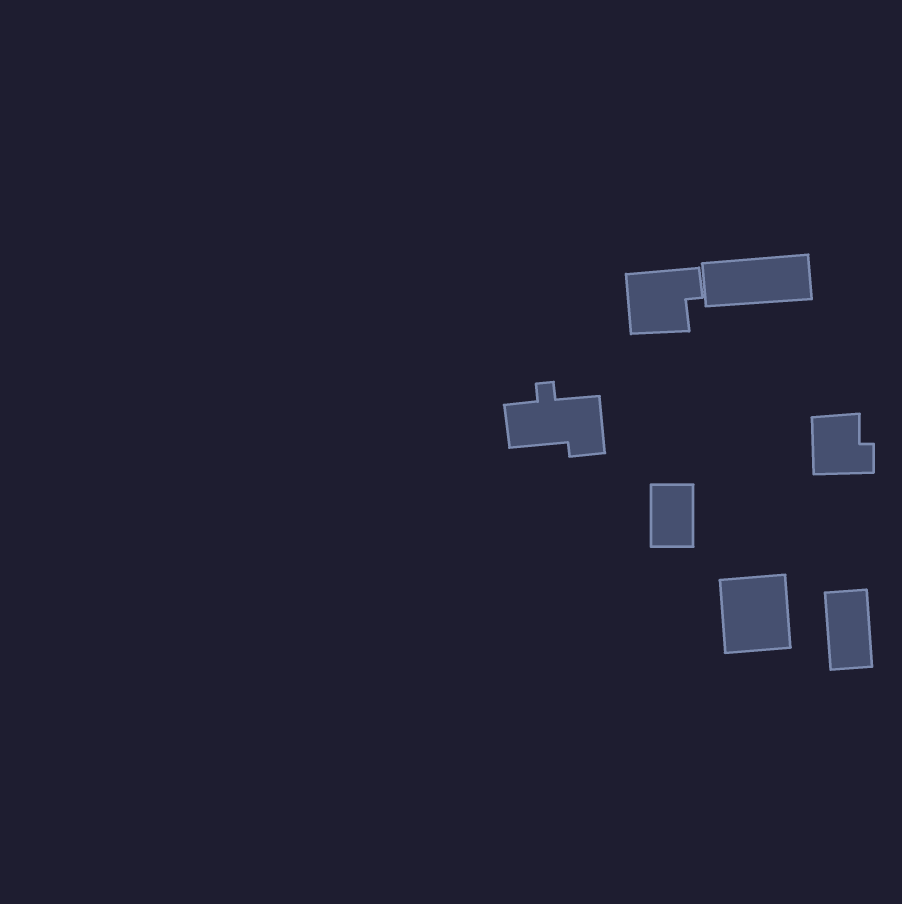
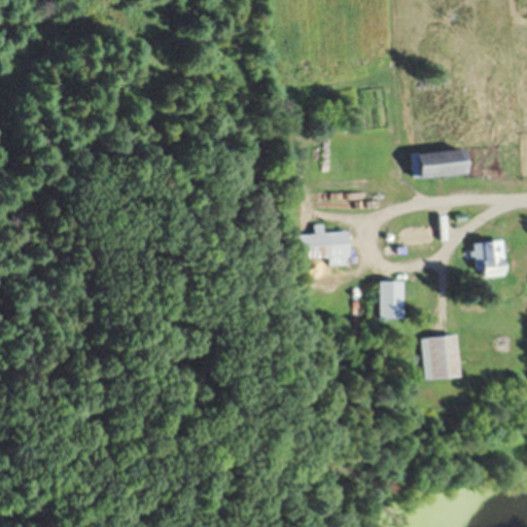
building: [626,268,702,334] -> none
building: [825,590,872,670] -> none

